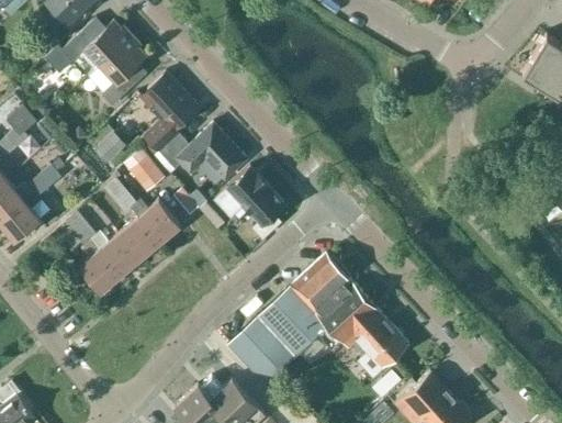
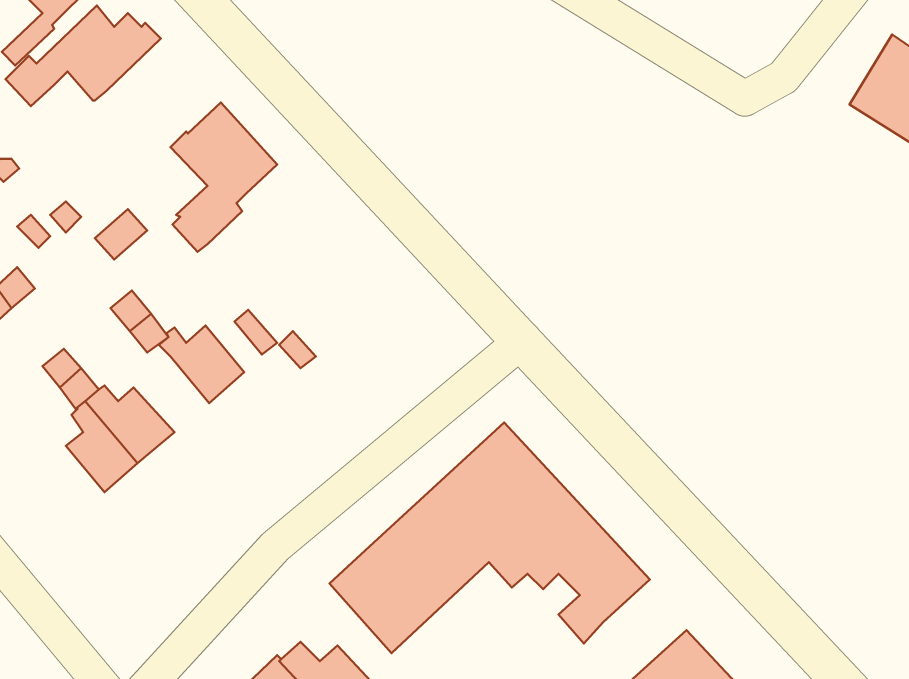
building: [89,35,148,104] -> none
building: [159,123,247,182] -> none
building: [130,156,164,191] -> none
building: [214,166,284,237] -> none
building: [117,215,160,258] -> none

